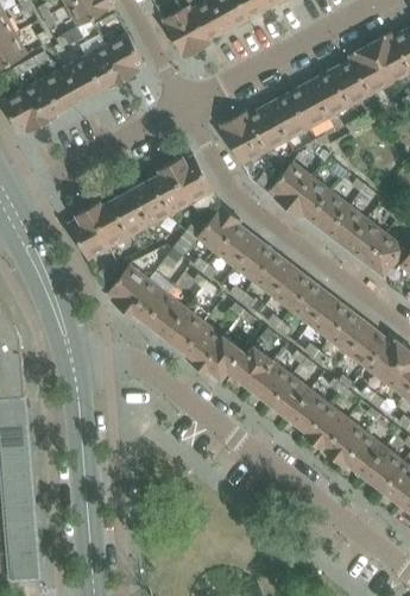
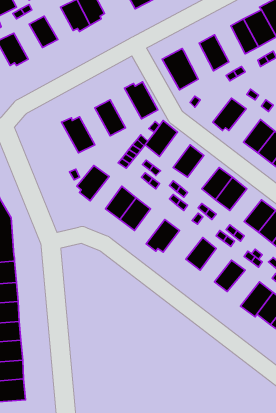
building: [64,55,102,98] -> none
building: [24,77,62,124] -> none
building: [289,80,329,127] -> none
building: [248,102,288,150] -> none
building: [270,159,311,207] -> none
building: [151,162,193,214] -> none
building: [111,188,151,237] -> none
building: [308,189,349,233] -> none
building: [68,207,109,259] -> none
building: [216,222,257,266] -> none
building: [253,251,295,295] -> none
building: [125,278,166,321] -> none
building: [309,295,351,338] -> none
building: [183,321,223,368] -> none
building: [227,344,273,388] -> none
building: [270,374,311,418] -> none
building: [303,402,348,450] -> none

